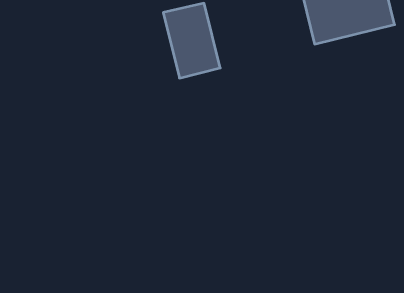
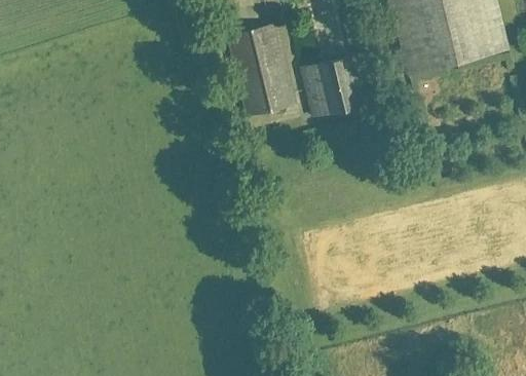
building: none -> [302,52,381,116]

